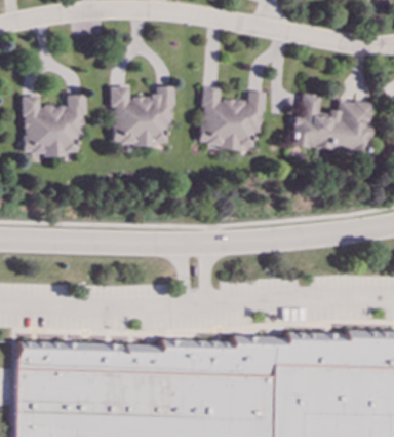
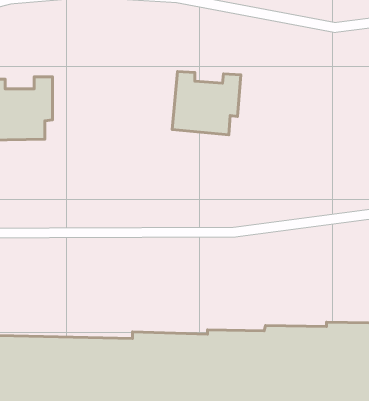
building: [110,85,171,144] -> none
building: [293,92,373,152] -> none

